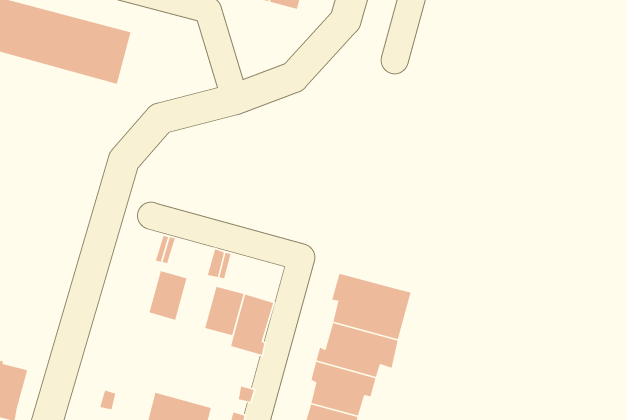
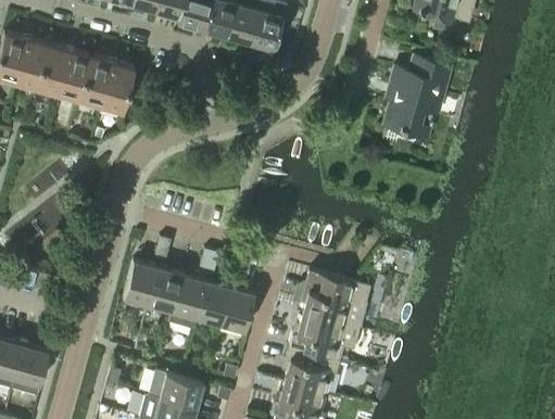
building: none -> [384,54,449,130]
building: none -> [124,261,160,303]
building: none -> [169,274,206,328]

